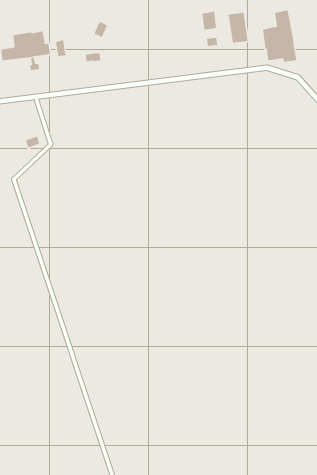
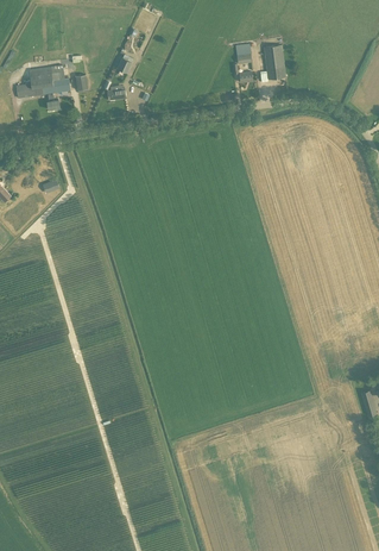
building: [262,10,297,63] -> none

